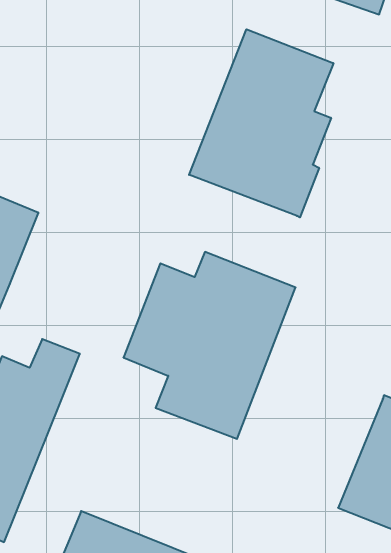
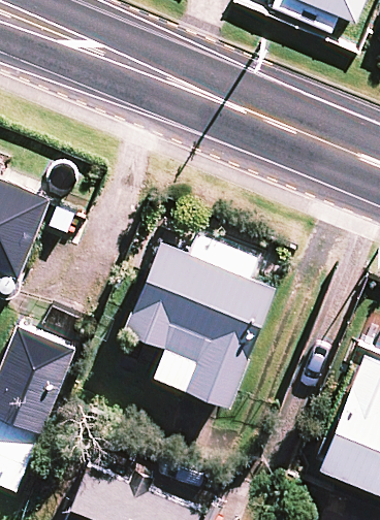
building: [189,29,333,217] -> none

